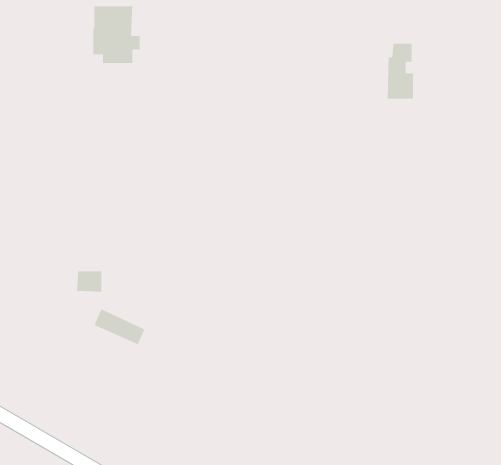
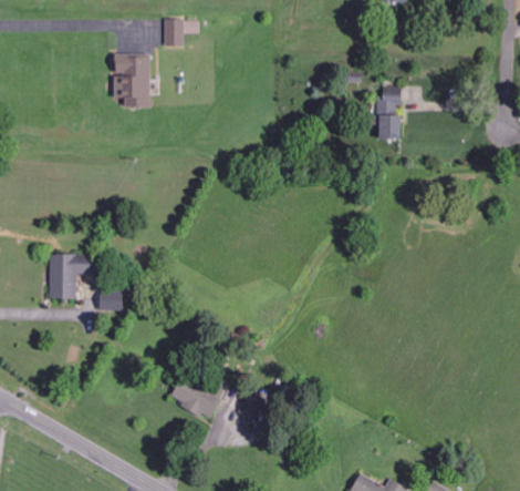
building: none -> [49,253,97,298]
building: [94,308,145,345] -> [169,383,216,417]

